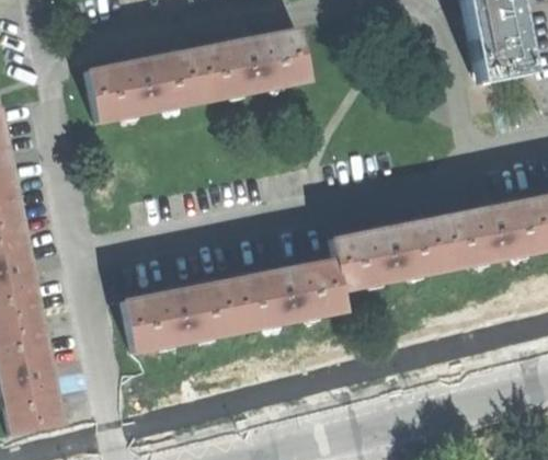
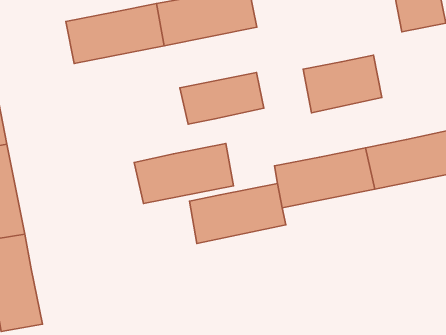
building: none -> [303,55,382,113]
building: none -> [180,72,264,124]
building: [125,280,241,350] -> [134,144,233,204]

